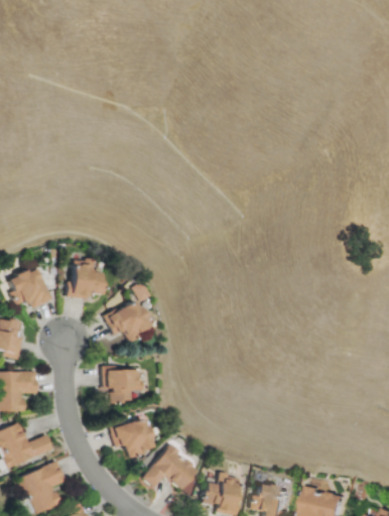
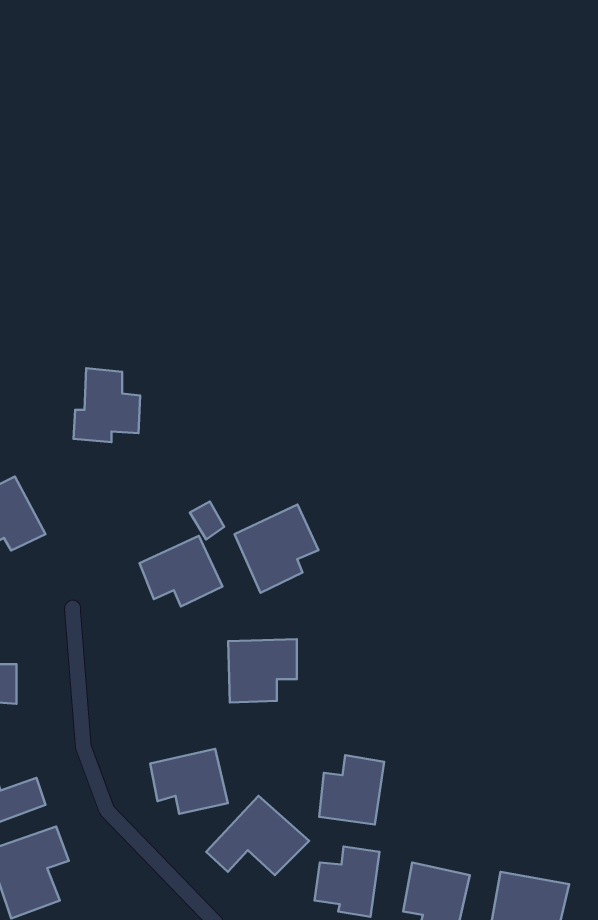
building: [68,258,105,299] -> [74,368,140,442]
building: none -> [235,504,318,593]
building: [103,368,141,403] -> [228,639,297,702]
building: none -> [319,755,384,825]

